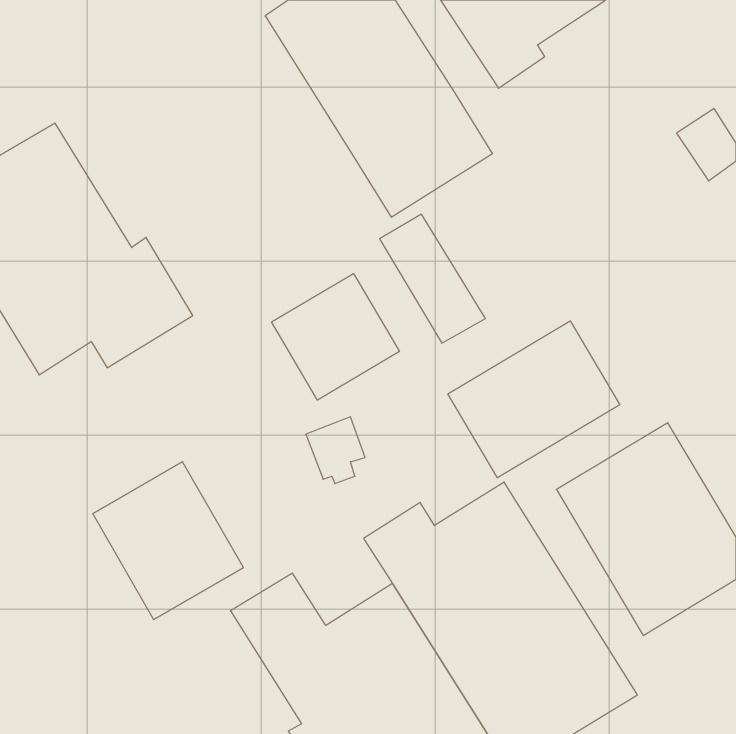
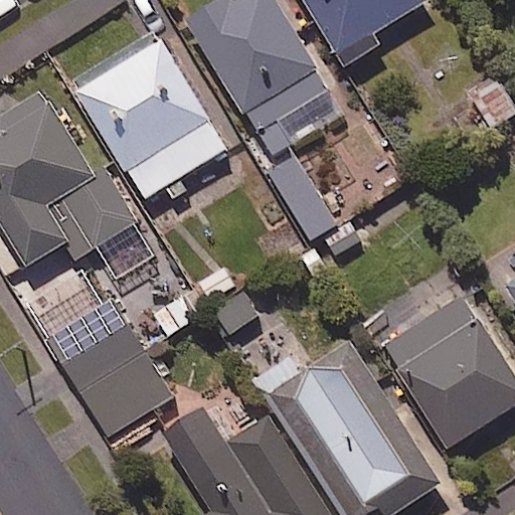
building: none -> [72,31,222,204]
building: [272,274,399,400] -> none
building: [448,321,620,478] -> none
building: none -> [27,263,127,361]

